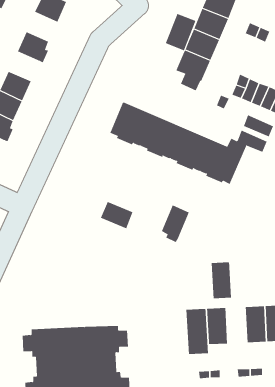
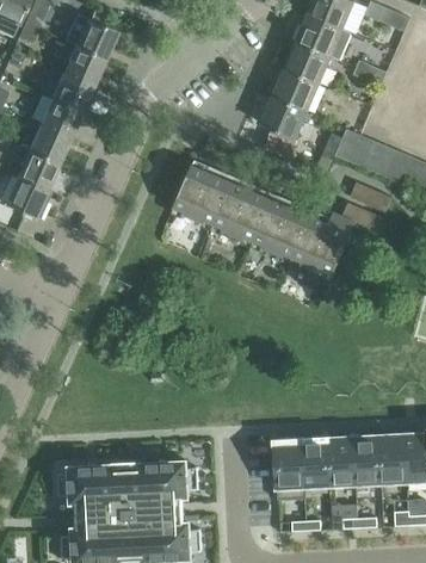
building: none -> [63,45,105,85]
building: [165,13,196,51] -> none
building: none -> [39,98,81,137]
building: [100,201,133,229] -> none
building: [161,204,189,243] -> none
building: [211,261,232,299] -> [328,434,356,484]

